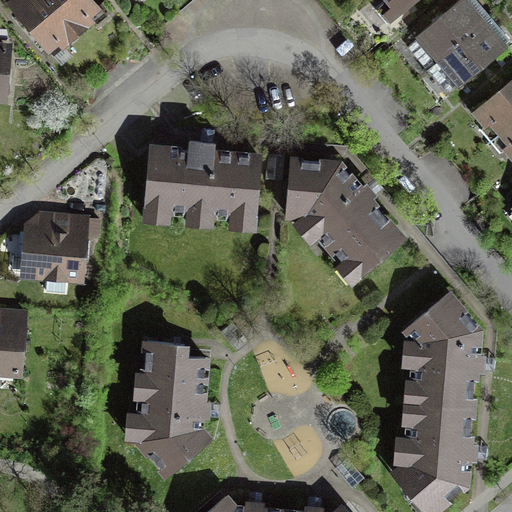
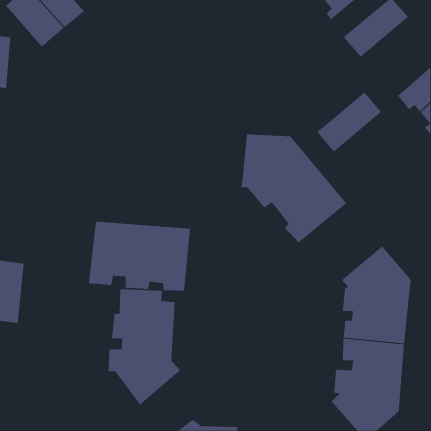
building: [425,20,502,92] -> [317,92,382,153]
building: [142,148,263,231] -> [88,221,191,291]
building: [18,213,89,283] -> none

